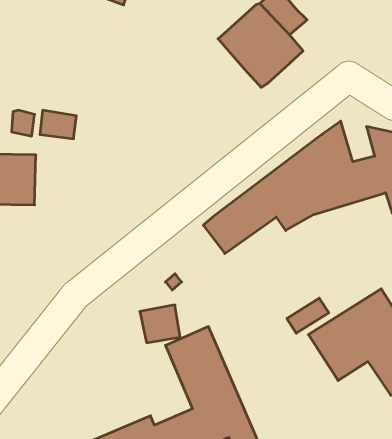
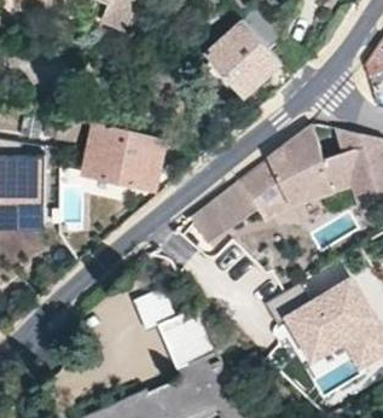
building: none -> [83,122,164,187]

